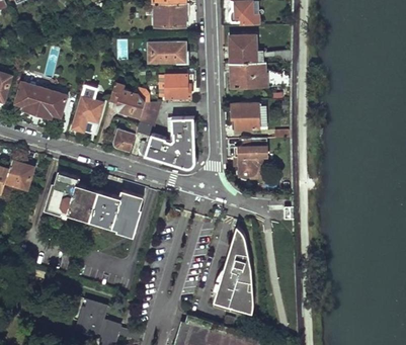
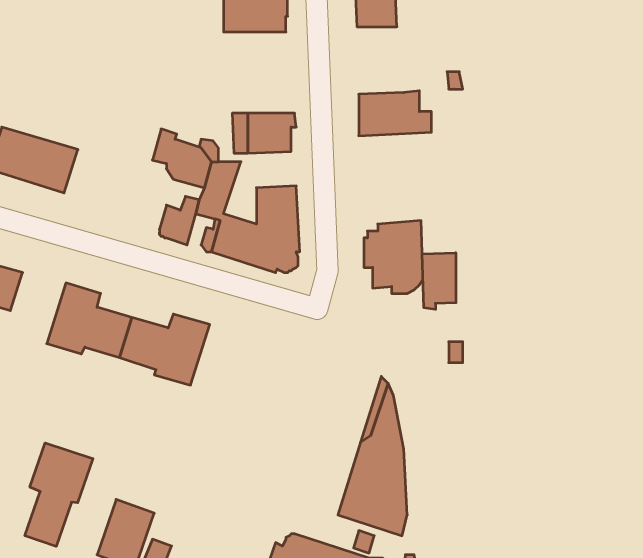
building: [229,34,256,63] -> none
building: [147,42,185,63] -> none
building: [71,86,102,134] -> none
building: [231,103,259,128] -> none
building: none -> [422,253,456,309]
building: none -> [25,443,93,546]

